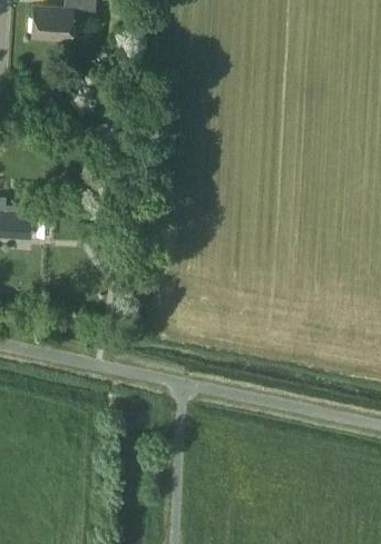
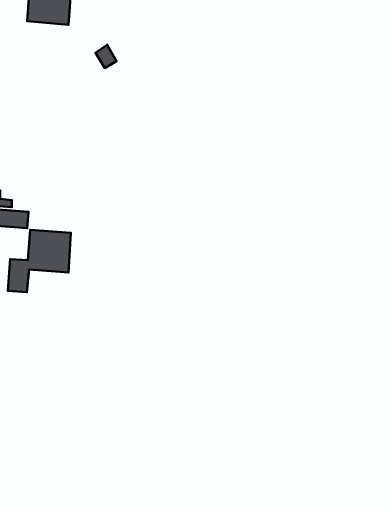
building: none -> [8,230,71,292]

